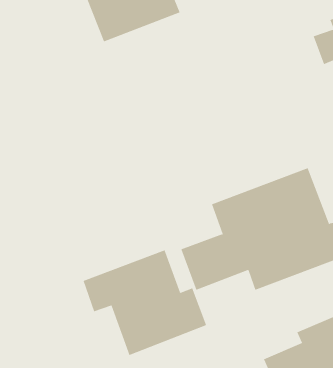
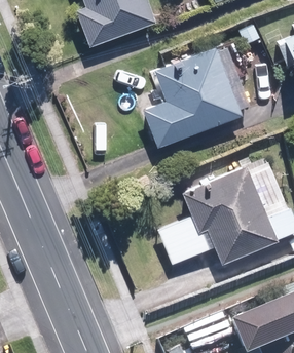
building: none -> [142,42,249,148]
building: [83,250,207,356] -> none

